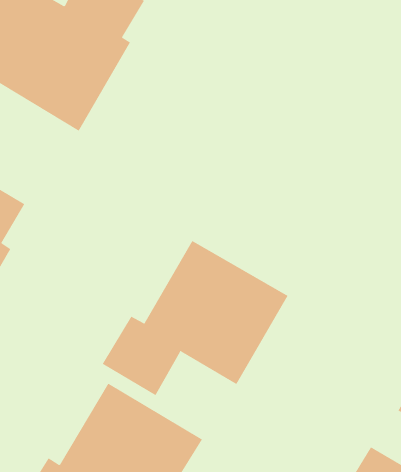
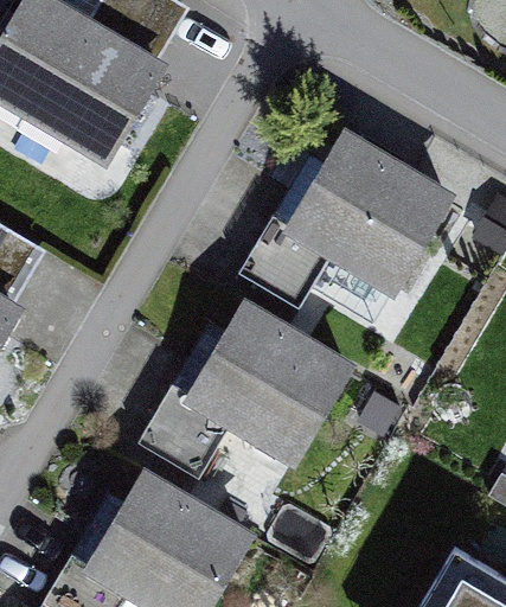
building: none -> [235,127,457,315]

